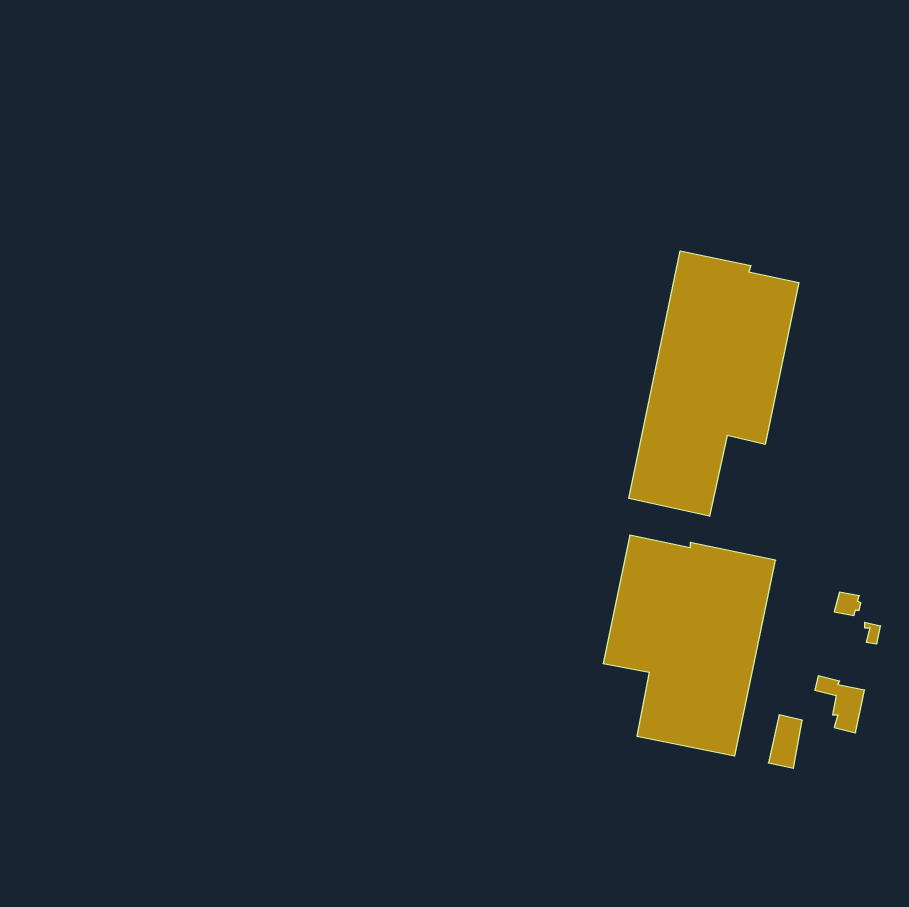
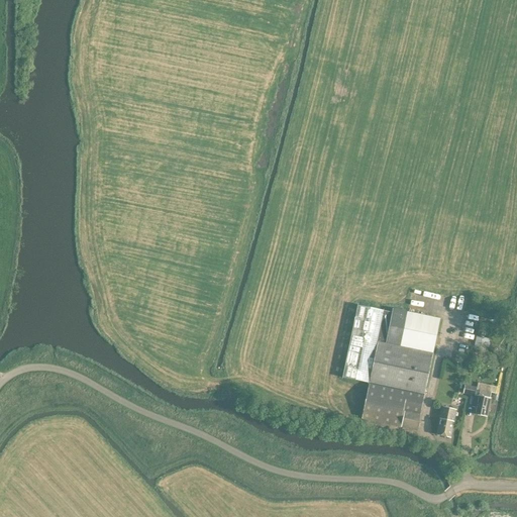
building: [629,251,799,516] -> none

